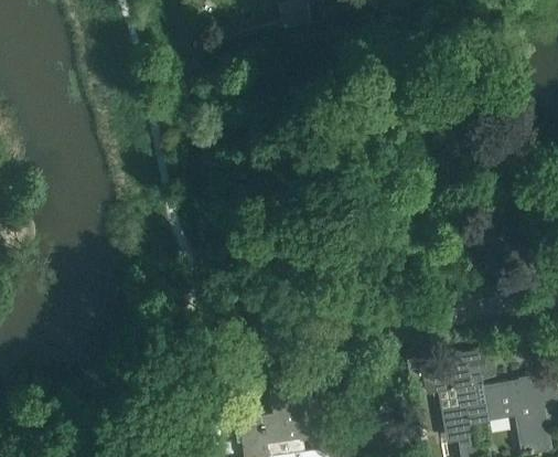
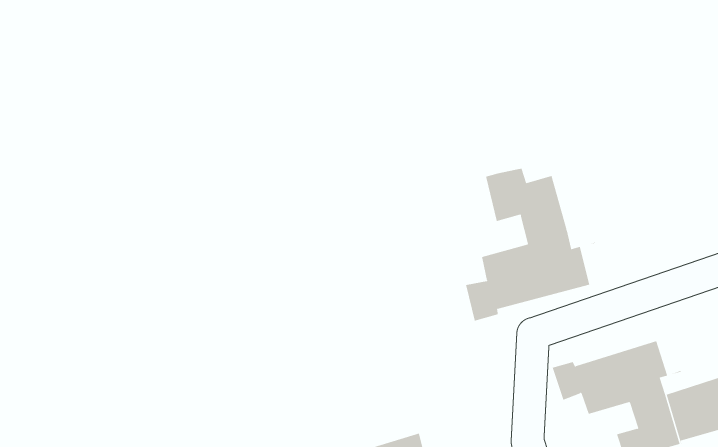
building: none -> [465,168,596,321]

